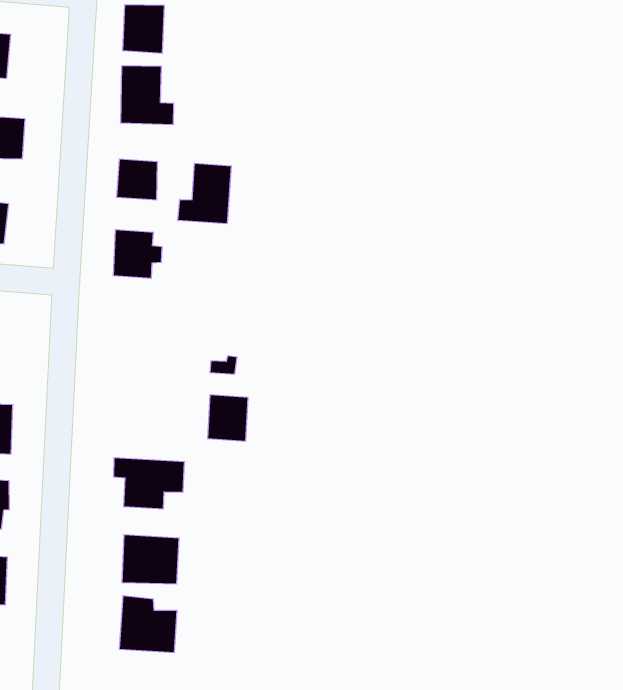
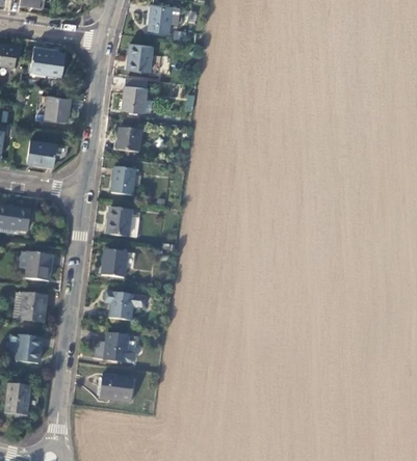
building: [178,163,231,224] -> none
building: none -> [105,206,131,235]
building: [207,395,248,441] -> [102,247,126,274]

